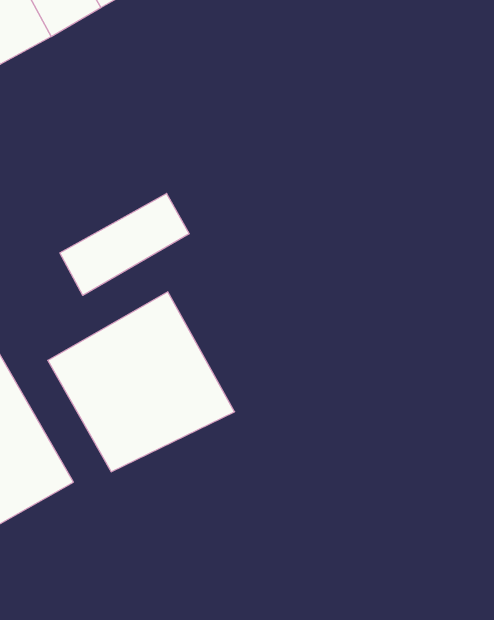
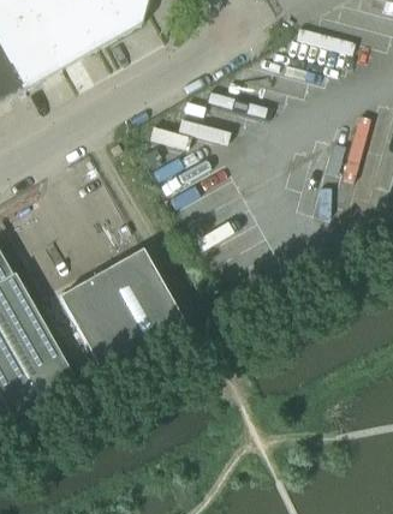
building: [60,193,189,295] -> none

